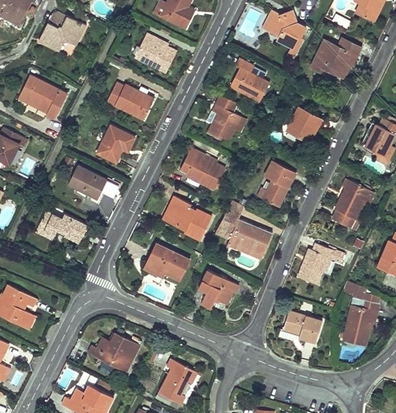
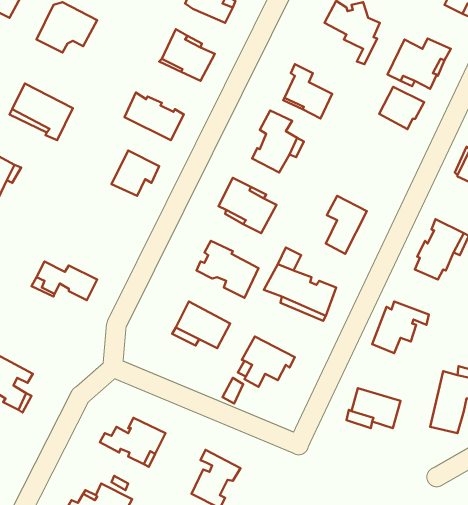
building: [287,107,322,140] -> [379,87,424,129]
building: [68,165,107,199] -> none

